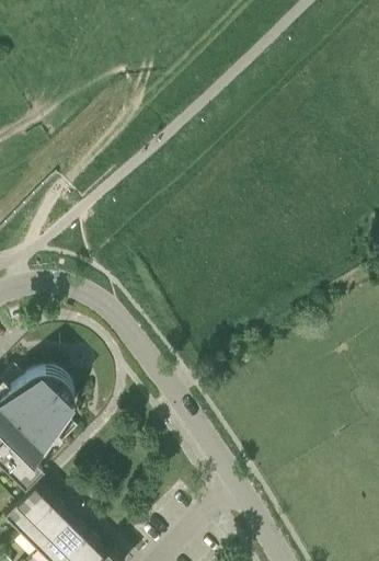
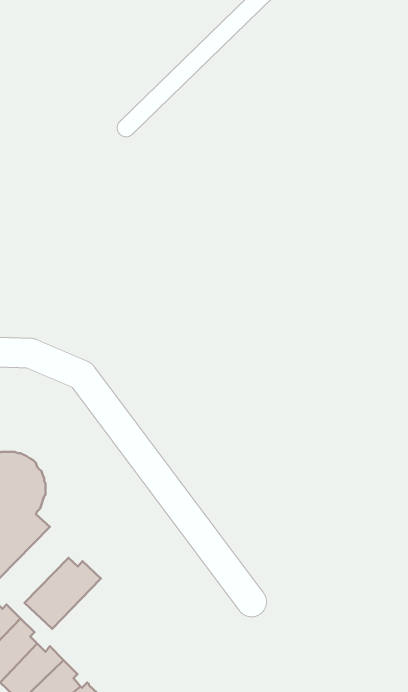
building: none -> [25,558,101,629]

